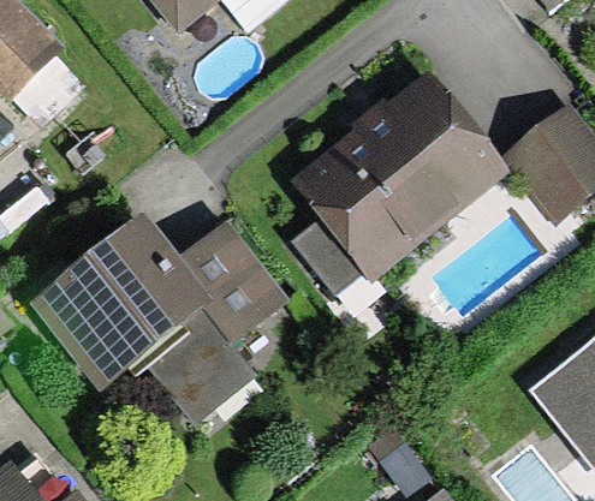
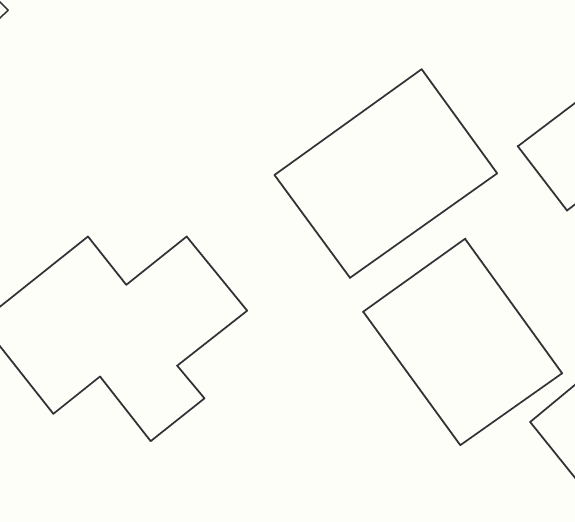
building: none -> [363,239,562,445]

